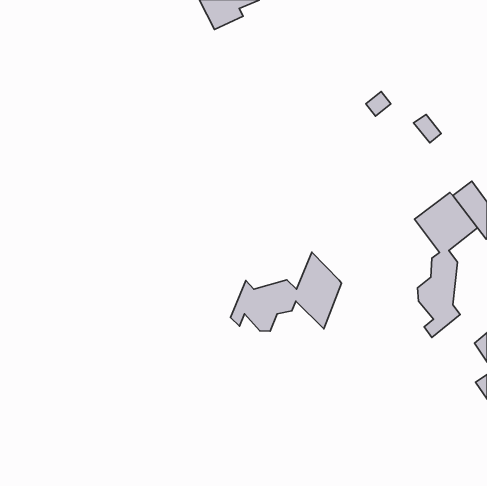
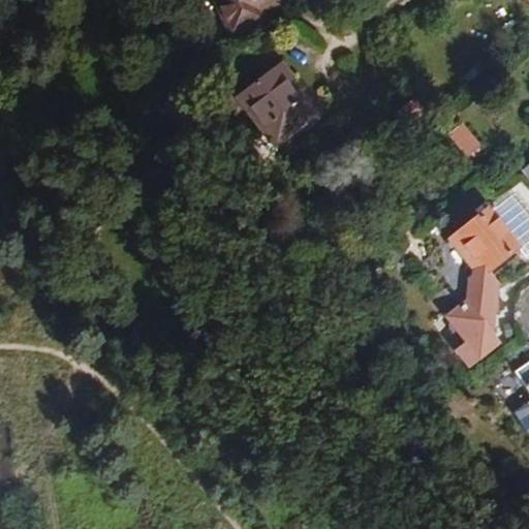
building: none -> [236,62,315,147]
building: [231,252,342,331] -> none

